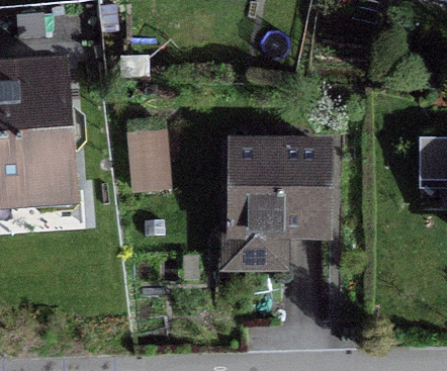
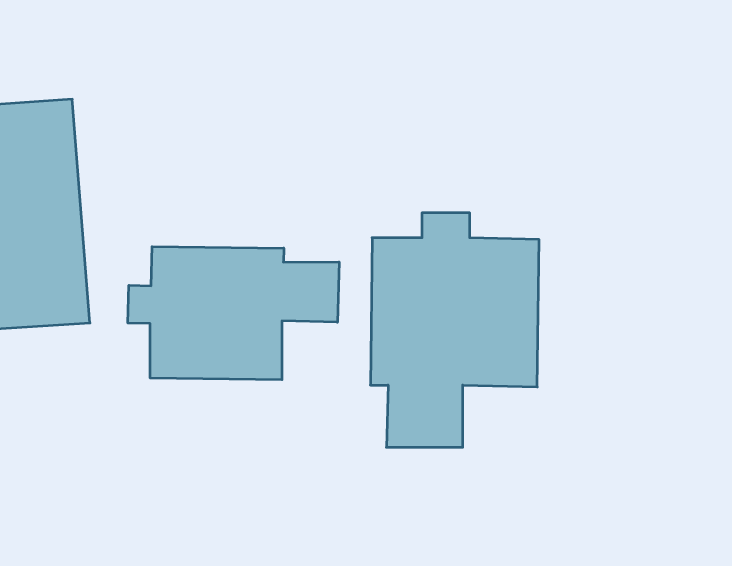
building: none -> [128,247,339,380]

